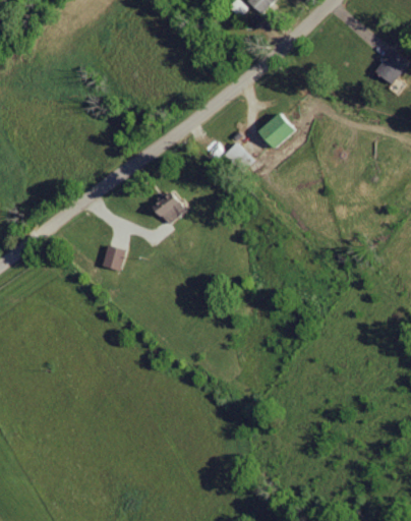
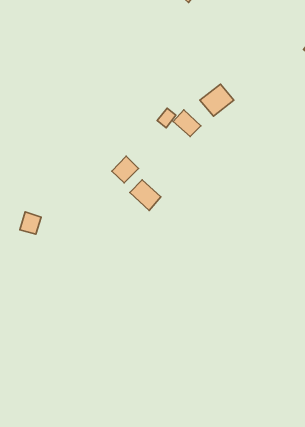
building: none -> [130,180,161,210]
building: [102,244,126,270] -> [20,212,41,234]

